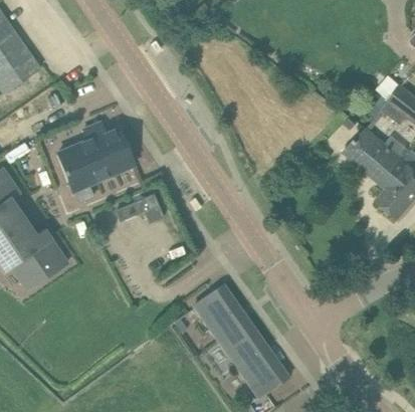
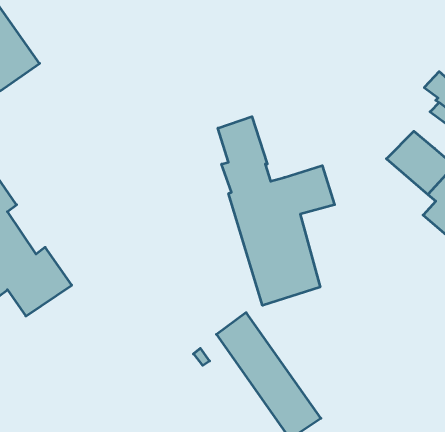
building: none -> [218,117,335,305]
building: [58,122,135,190] -> none
building: [116,193,164,220] -> none

